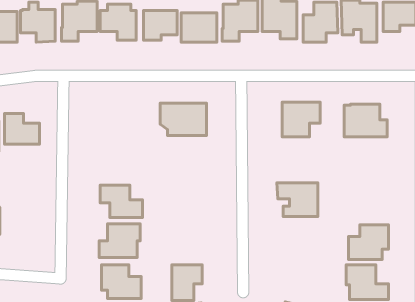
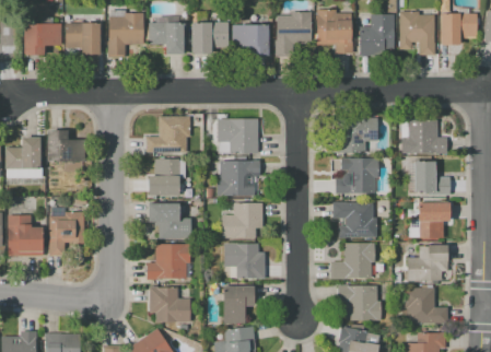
building: none -> [145,117,189,152]
building: none -> [335,159,377,193]
building: none -> [145,160,185,196]
building: none -> [217,161,259,197]
building: none -> [413,162,451,195]
building: none -> [221,203,261,238]
building: none -> [409,203,449,238]
building: none -> [48,208,83,256]
building: none -> [329,243,374,279]
building: none -> [223,244,265,280]
building: none -> [337,285,381,320]

